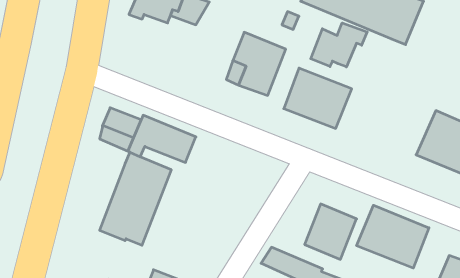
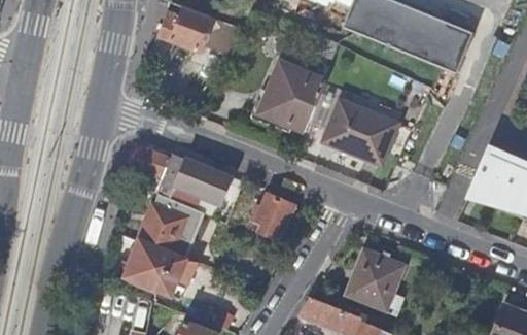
building: [311,23,367,67] -> none
building: none -> [253,193,292,241]
building: [357,205,429,268] -> none

